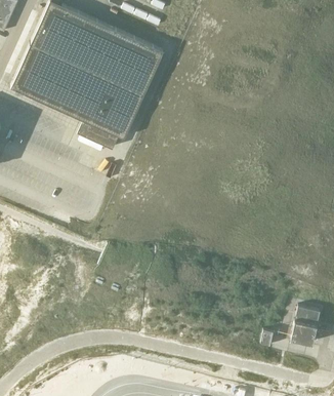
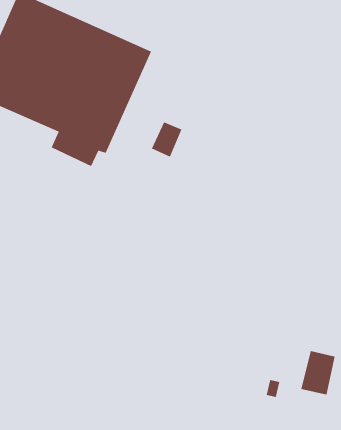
building: none -> [151,121,182,157]

